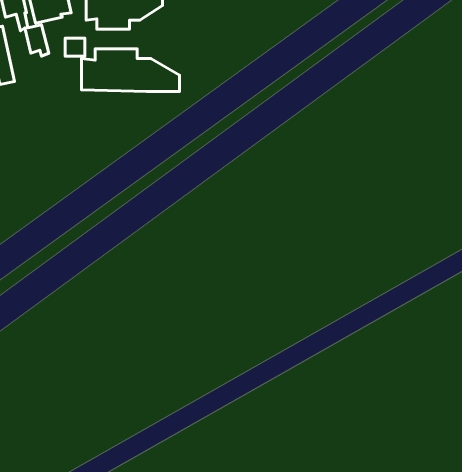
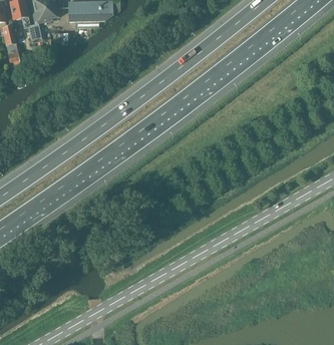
building: [82,49,180,92] -> none

